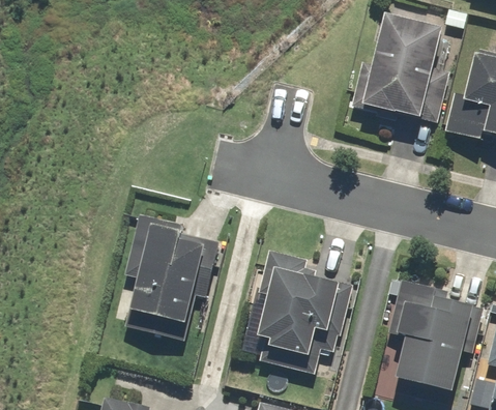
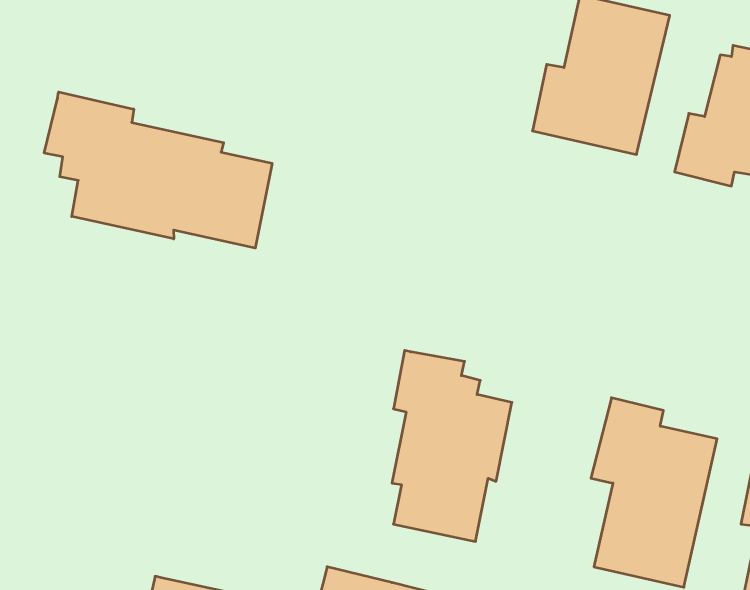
building: none -> [44,92,272,248]
building: [125,213,223,340] -> none

